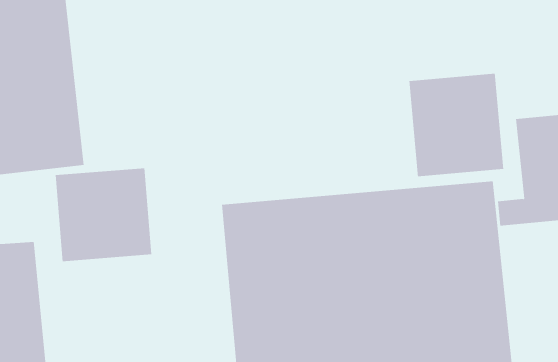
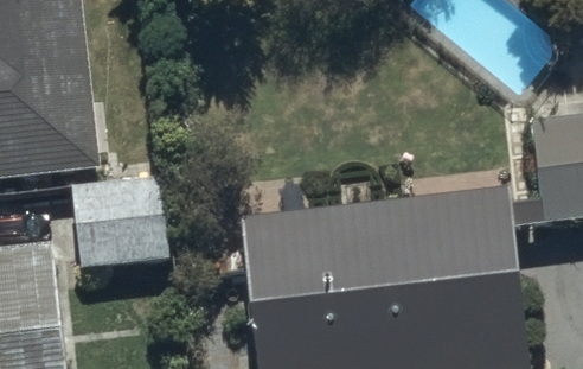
building: [409,73,504,177] -> none

